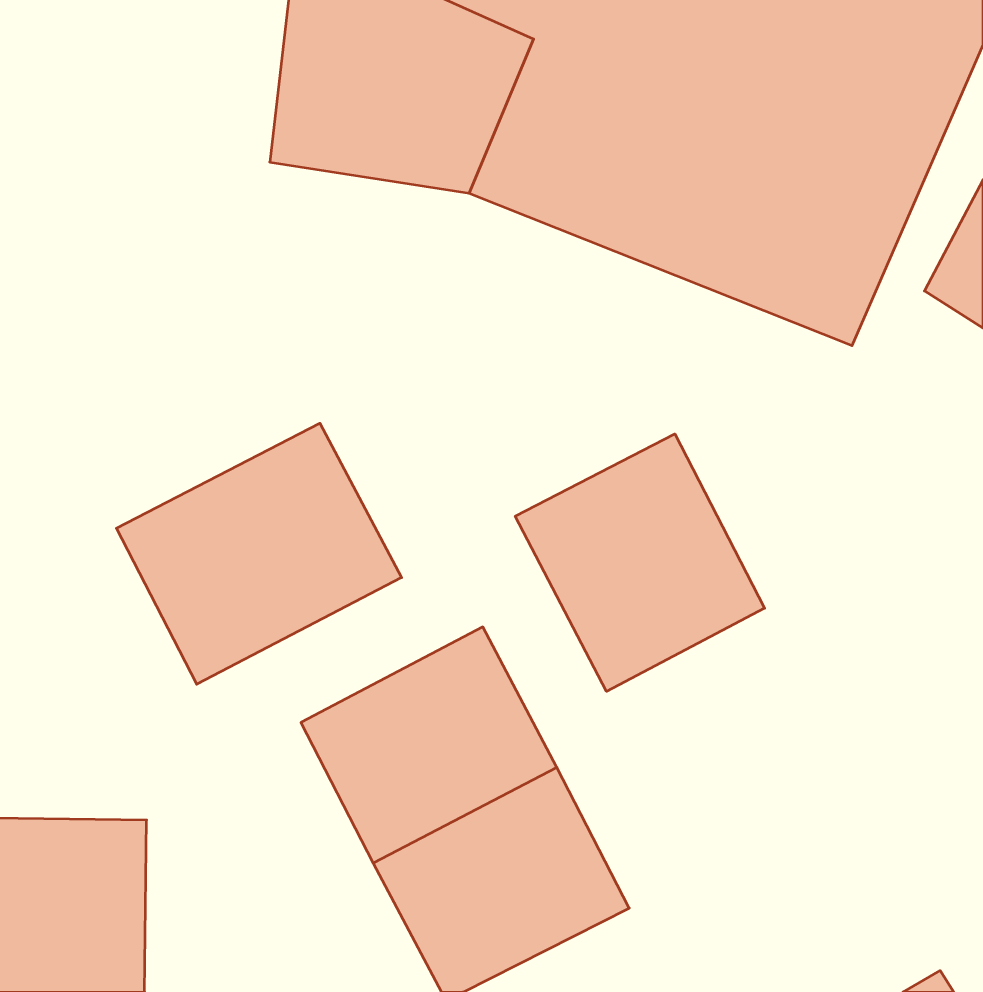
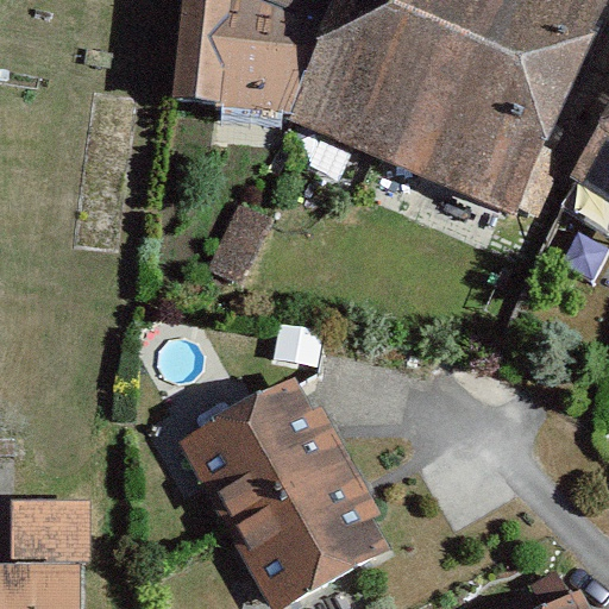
building: [116,423,402,684] -> none
building: [515,434,765,691] -> none

